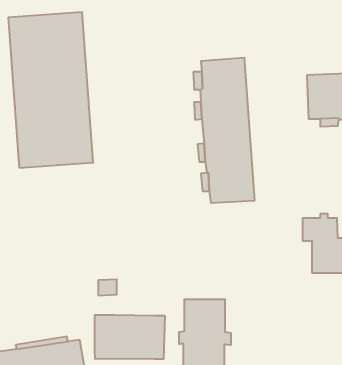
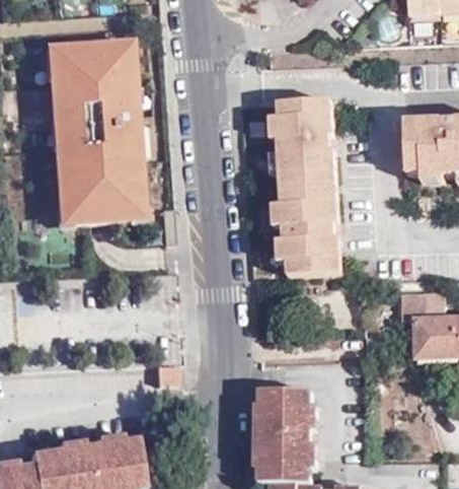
building: [95,315,165,359] -> none

